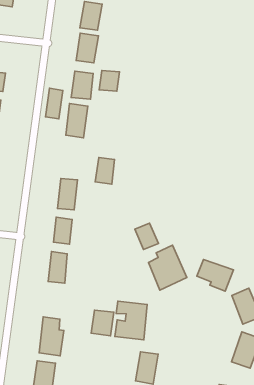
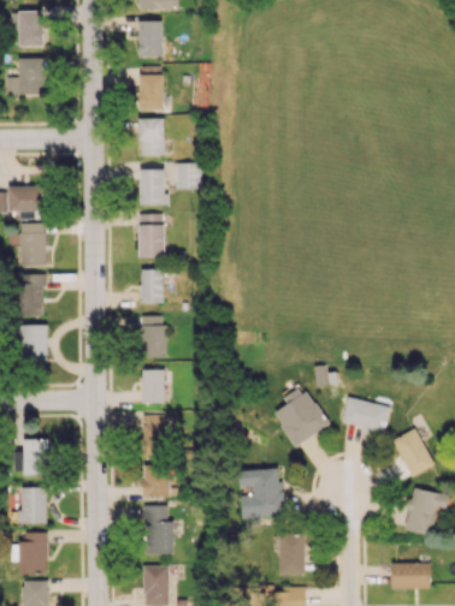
building: [45,88,63,119] -> none
building: [95,157,115,184] -> [141,269,164,303]
building: [135,223,159,249] -> none
building: [91,310,114,336] -> [143,464,170,497]

